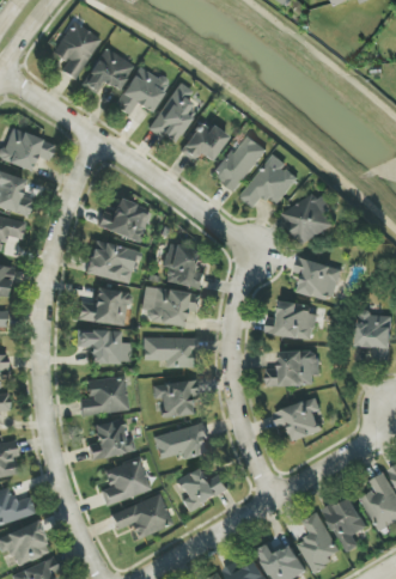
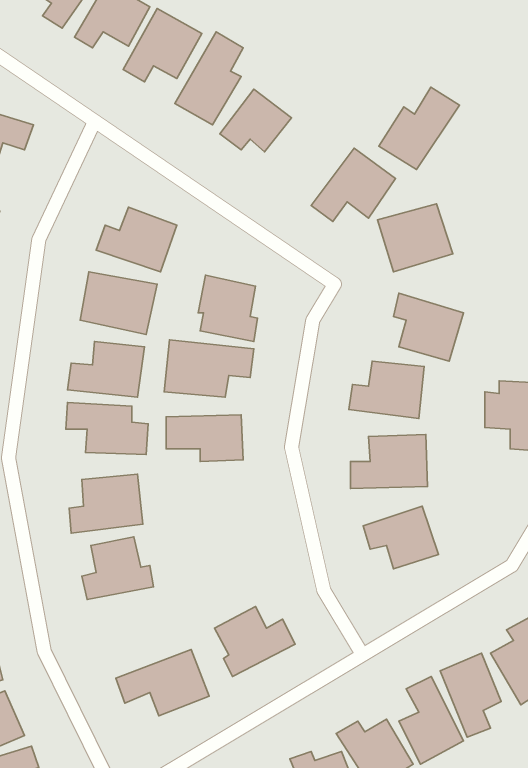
building: [213,135,267,190] -> [379,87,459,170]
building: [152,380,197,416] -> none
building: [153,422,212,459] -> none
building: [100,458,151,505] -> none

